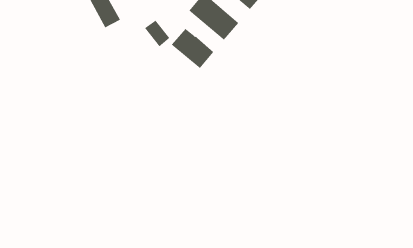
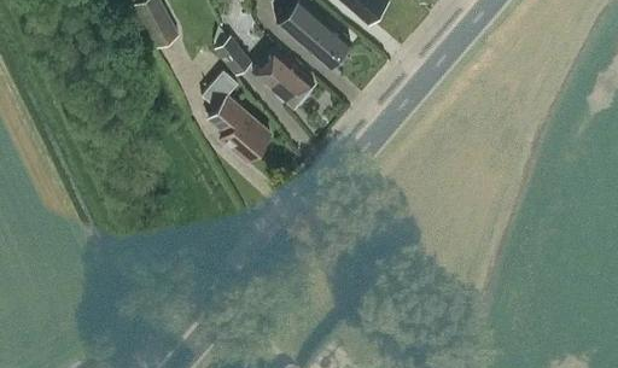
building: none -> [211,74,270,160]

